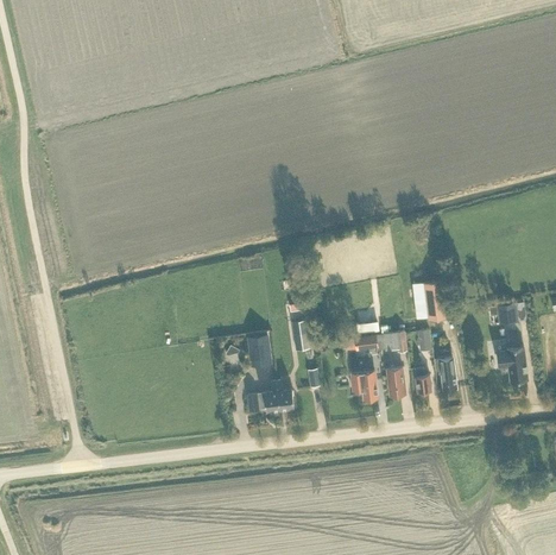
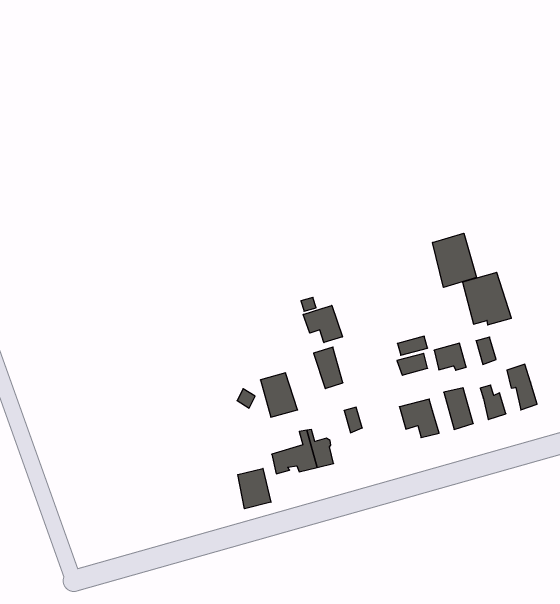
building: none -> [433,233,477,287]
building: none -> [303,305,342,343]
building: none -> [238,468,271,509]

